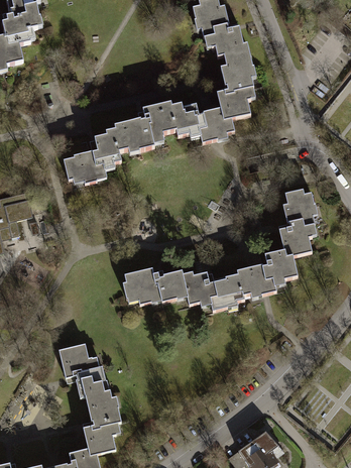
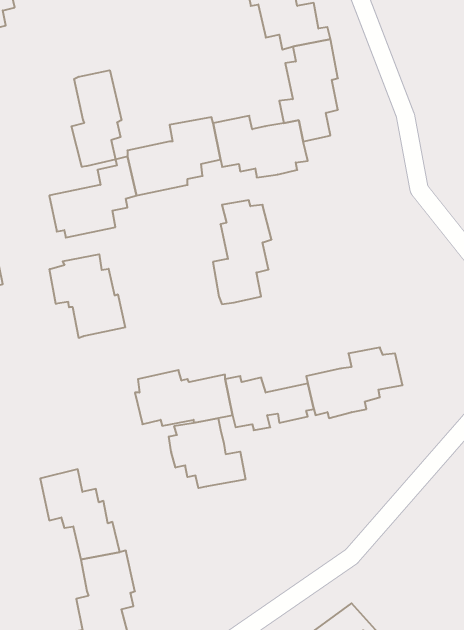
building: none -> [71,70,121,167]
building: [279,191,319,260] -> [213,200,272,304]
building: none -> [50,254,125,338]
building: none -> [169,418,245,488]

